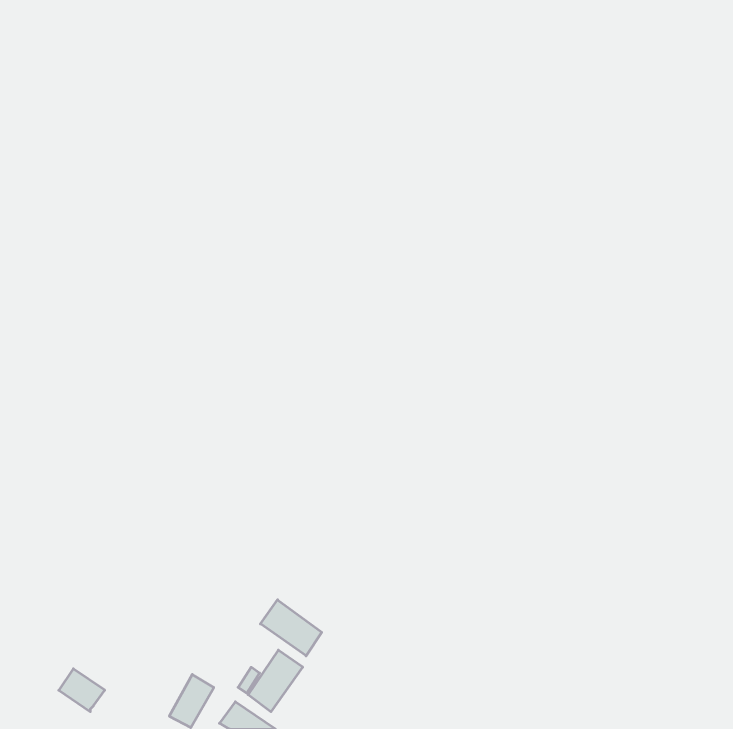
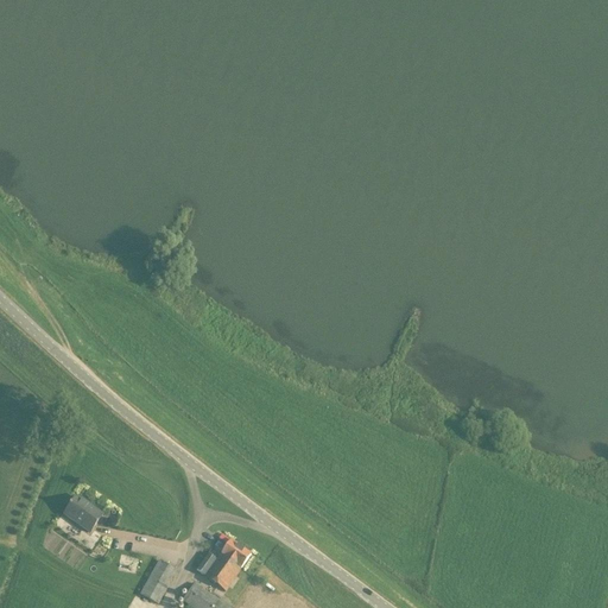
building: [260,600,322,656] -> none
building: [59,669,105,712] -> [64,495,102,531]

